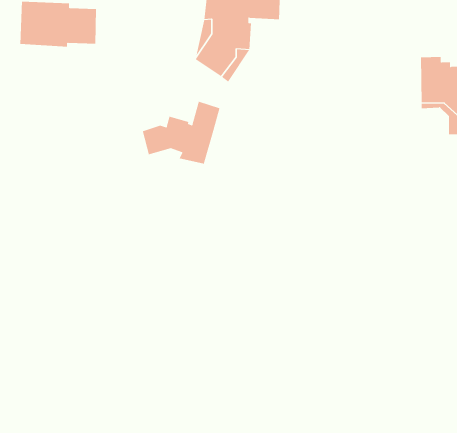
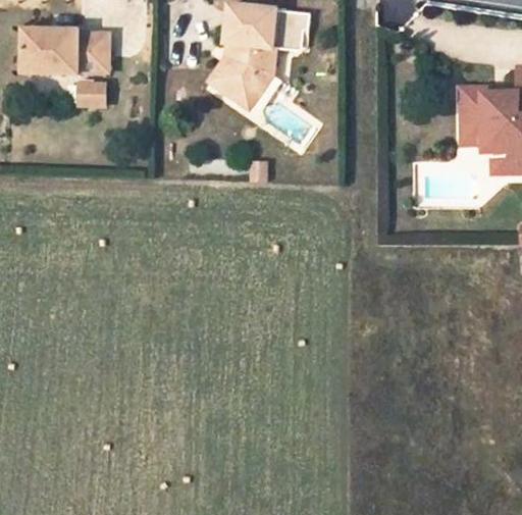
building: none -> [75,81,105,109]
building: [142,101,220,165] -> none

